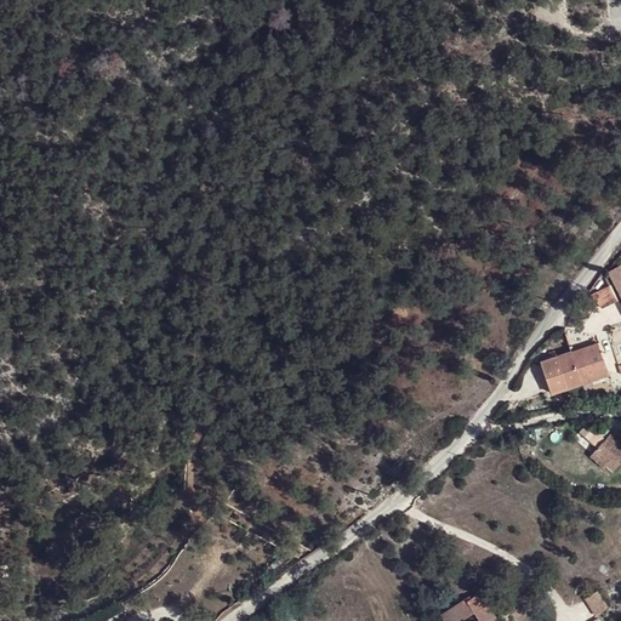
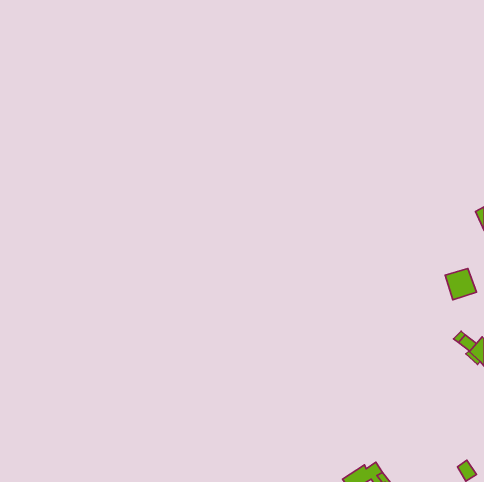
building: [541,355,579,395] -> none

